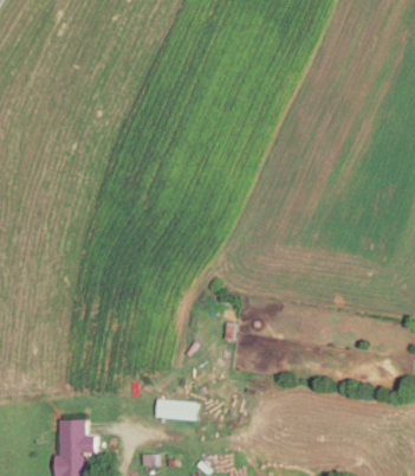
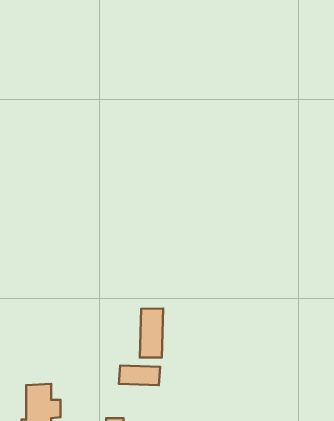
building: none -> [140,309,163,358]

